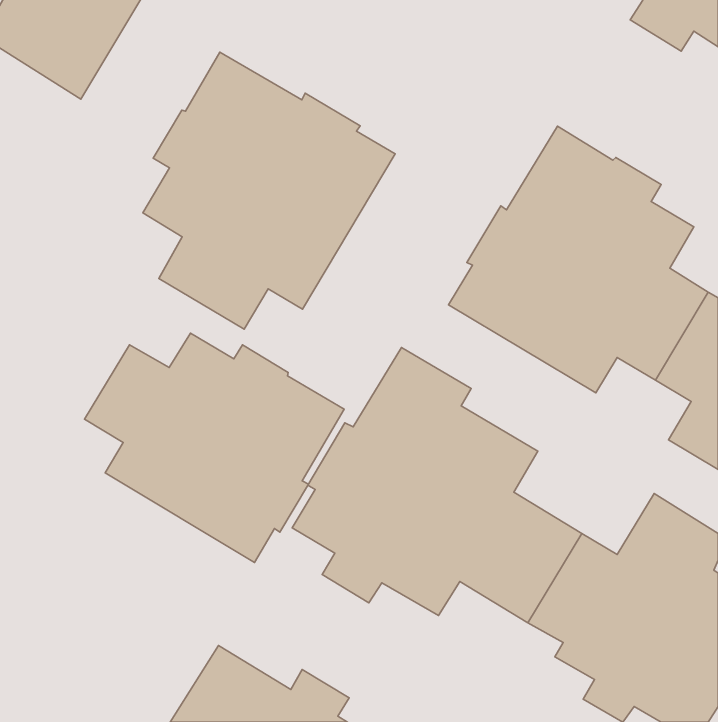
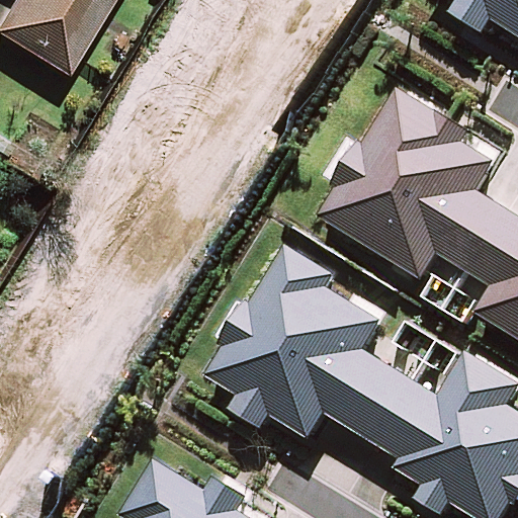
building: [143,52,395,329] -> none
building: [85,333,344,563] -> none

